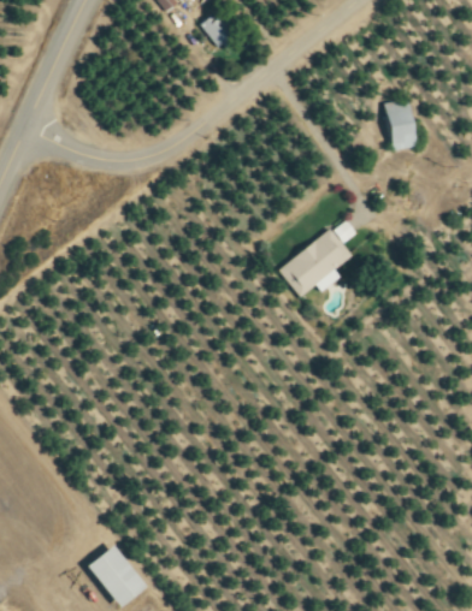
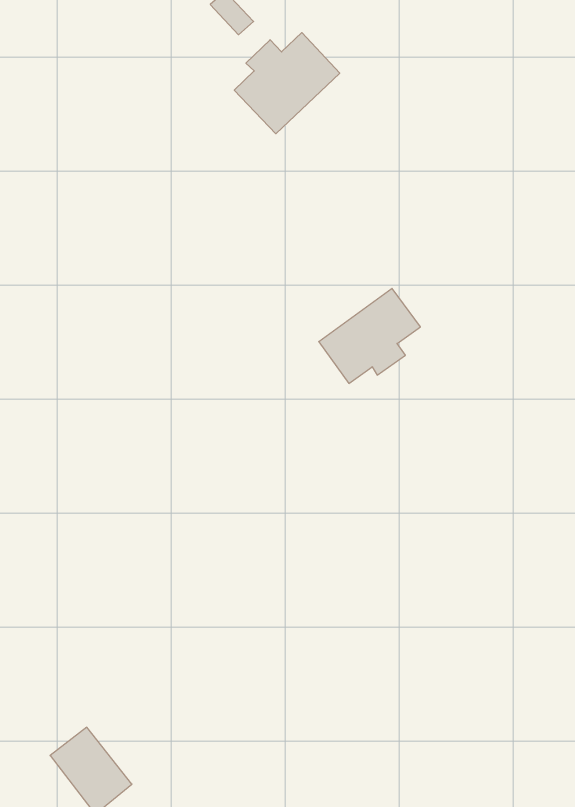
building: none -> [234,33,340,134]
building: [388,101,414,149] -> none

